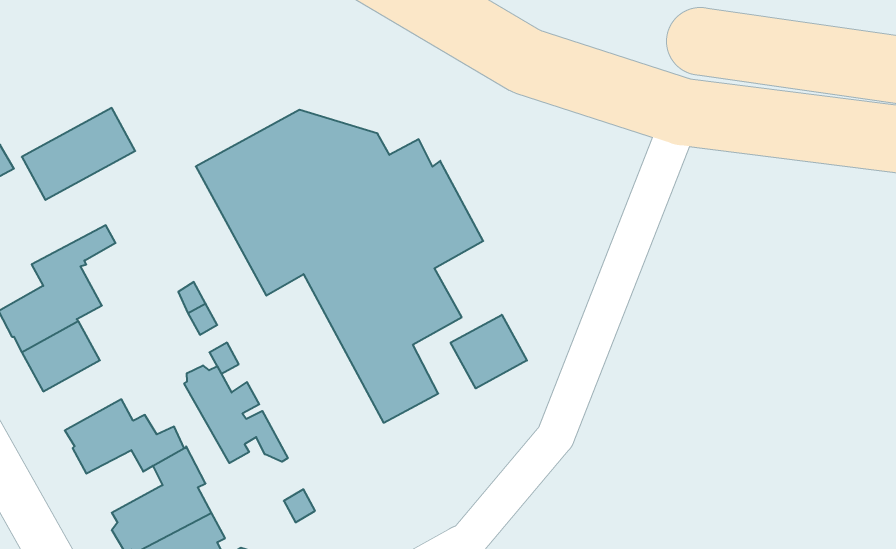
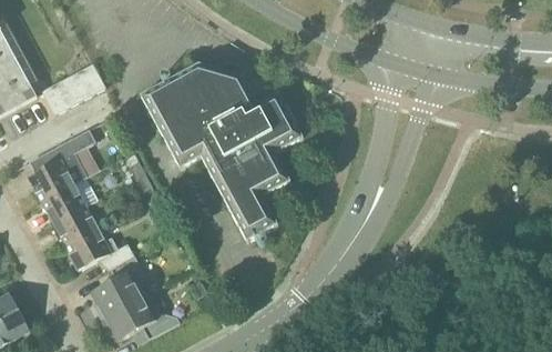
building: [451,315,527,388] -> none
building: none -> [54,207,99,247]
building: [184,365,288,463] -> none

